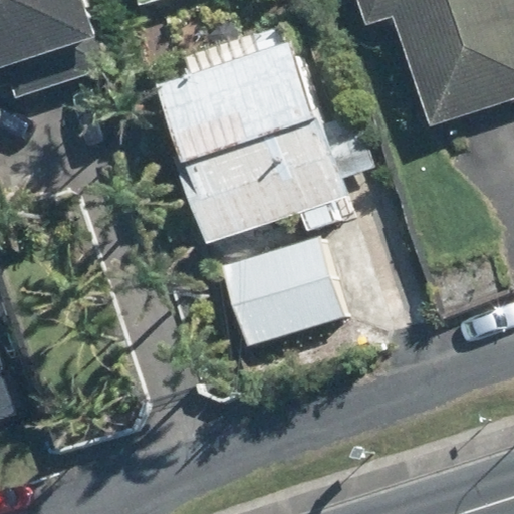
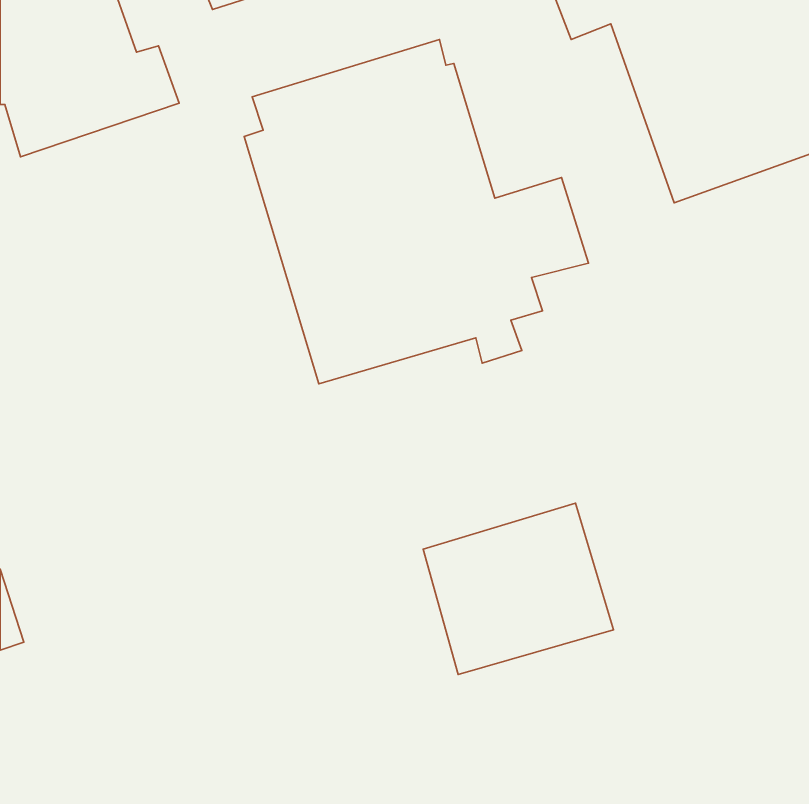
building: [222,237,342,345] -> [423,503,613,674]

